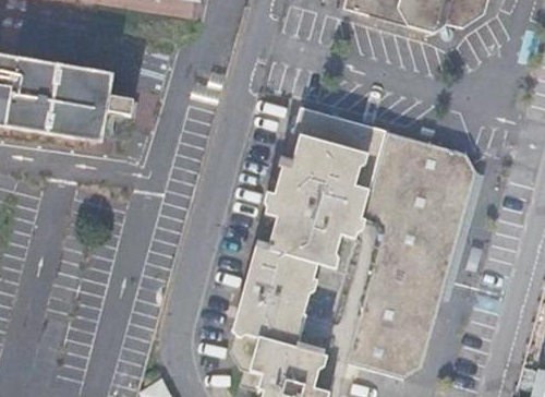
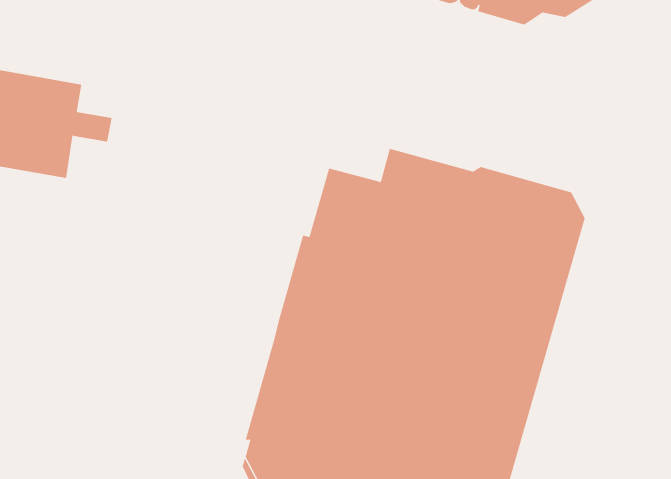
building: [292,105,401,144] -> none

